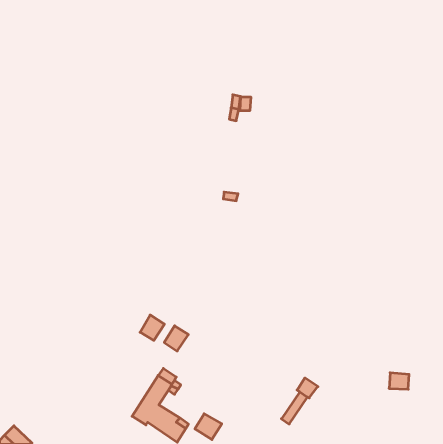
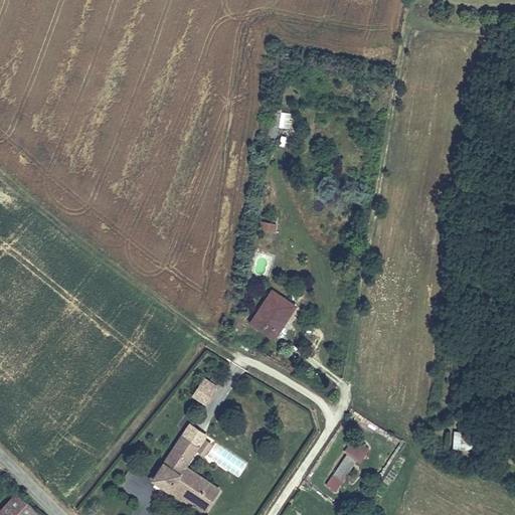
building: none -> [252,293,293,337]
building: [140,315,164,340] -> none
building: [195,414,222,440] -> none

